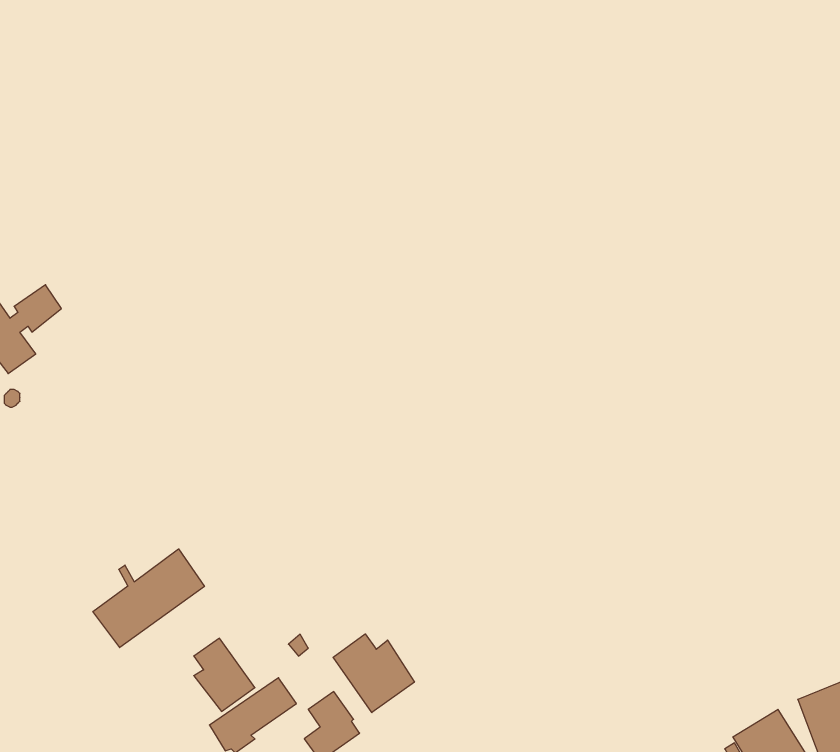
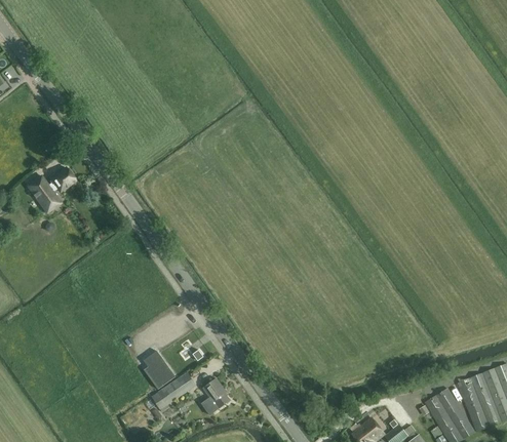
building: [93,549,204,648] -> none
building: [333,634,414,713] -> none

